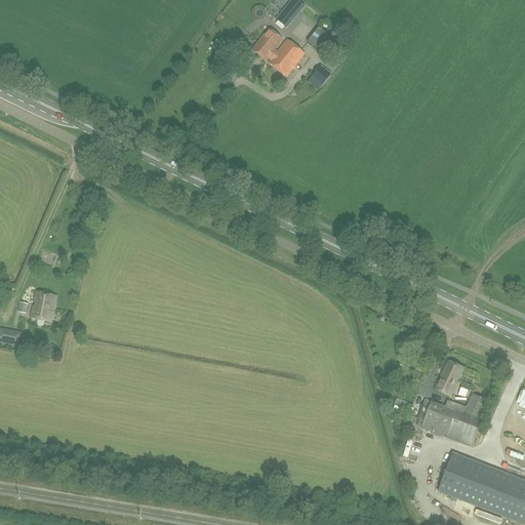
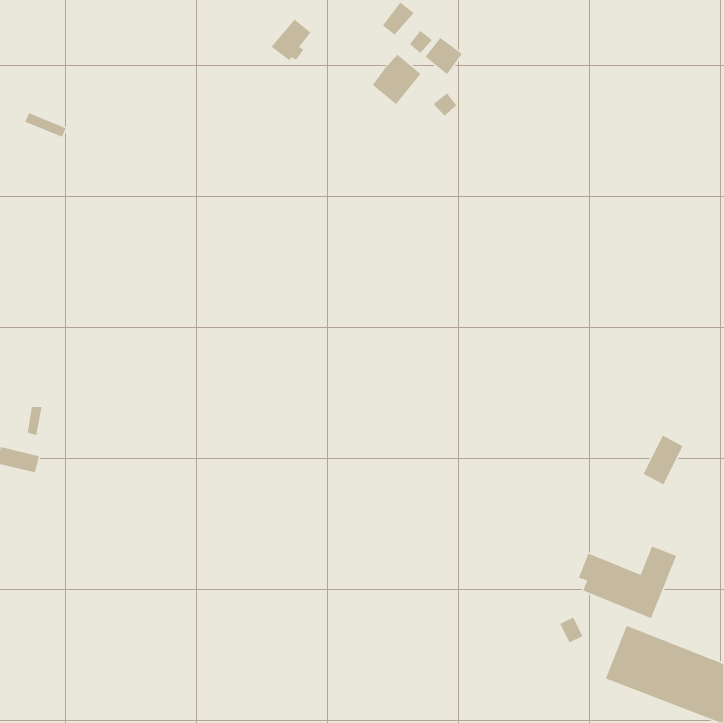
building: [252,28,282,58] -> [270,18,312,61]
building: [31,290,56,319] -> none
building: [434,359,463,396] -> [642,434,684,486]

